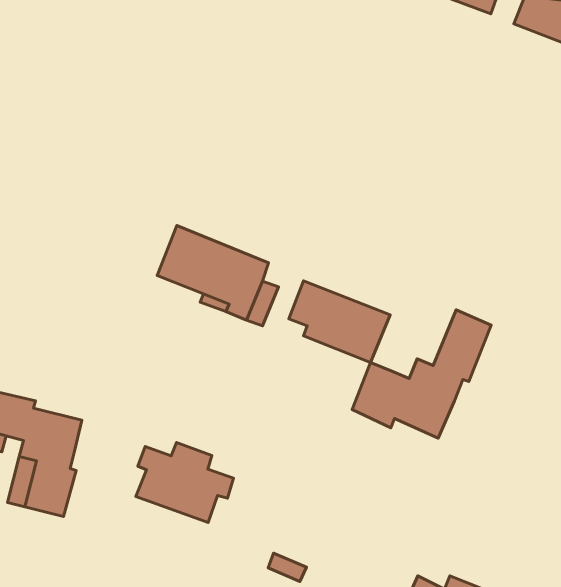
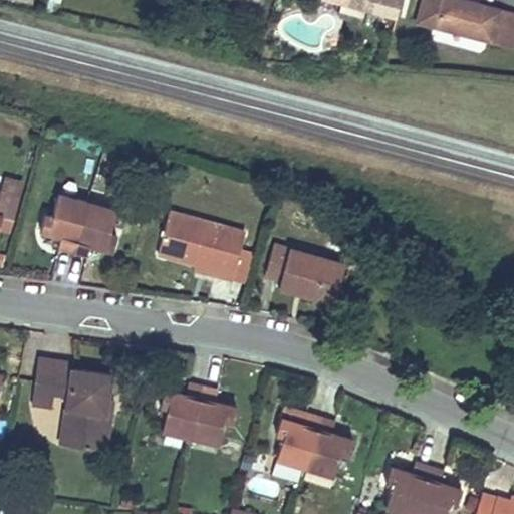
building: none -> [41,195,118,257]
building: [352,310,491,438] -> none
building: none -> [276,414,353,476]

